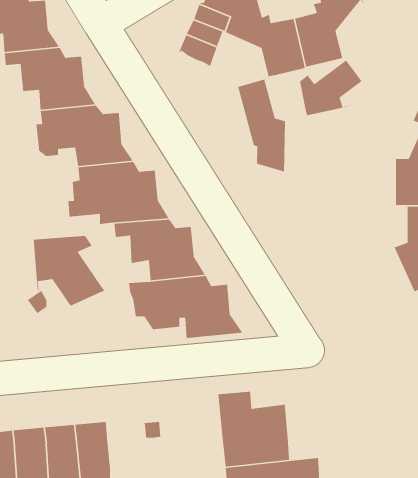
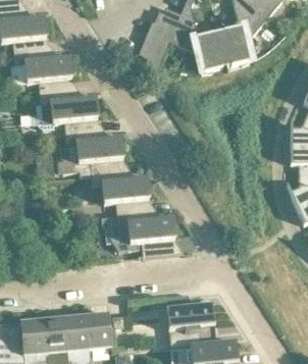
building: [299,60,363,116] -> none
building: [237,76,286,172] -> none
building: [33,235,105,307] -> none
building: none -> [86,313,111,349]

